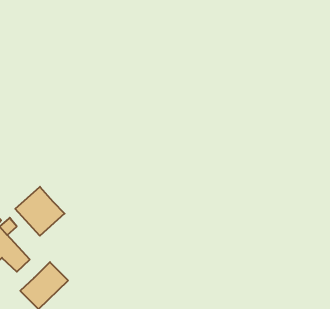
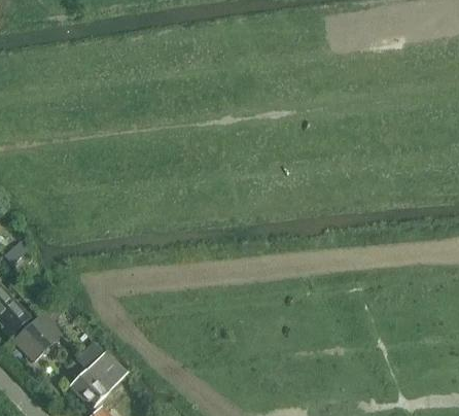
building: [15,187,65,236] -> none

